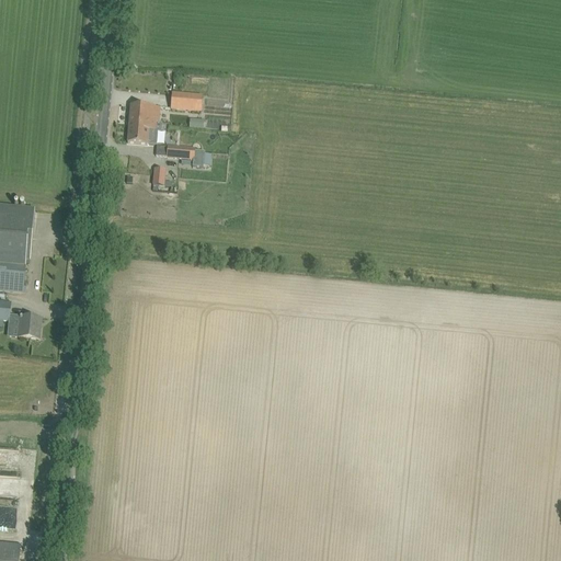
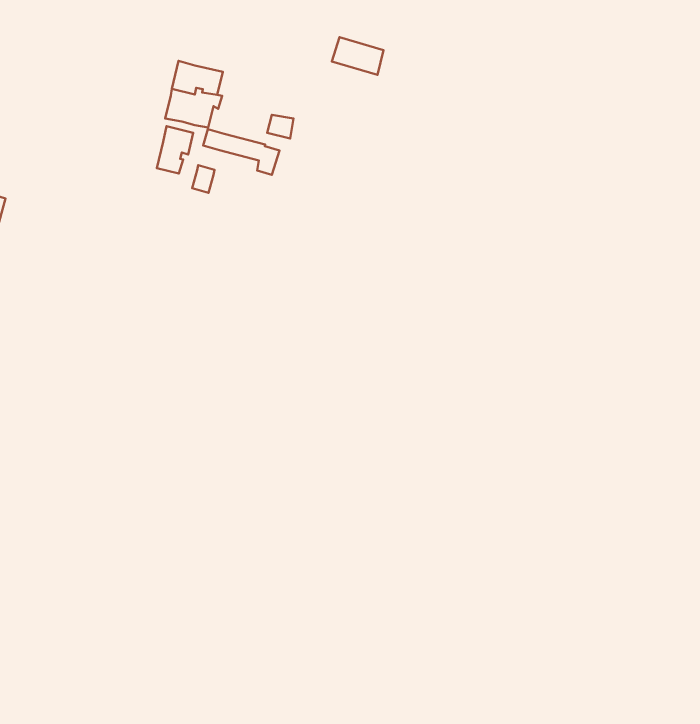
building: [169,90,201,110] -> [332,37,383,75]
building: none -> [157,126,193,173]

